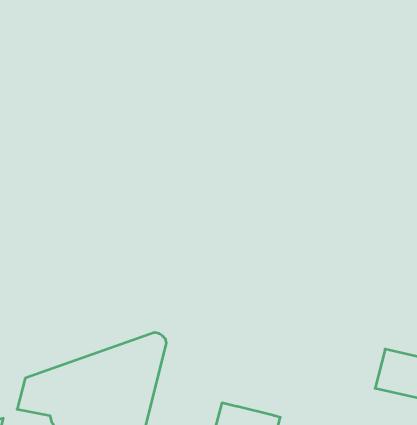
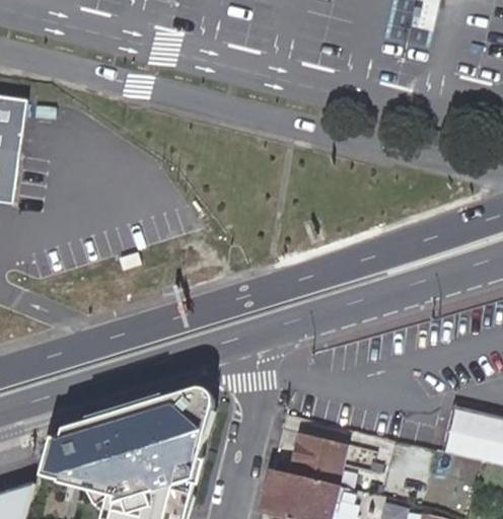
building: none -> [290,434,352,488]

